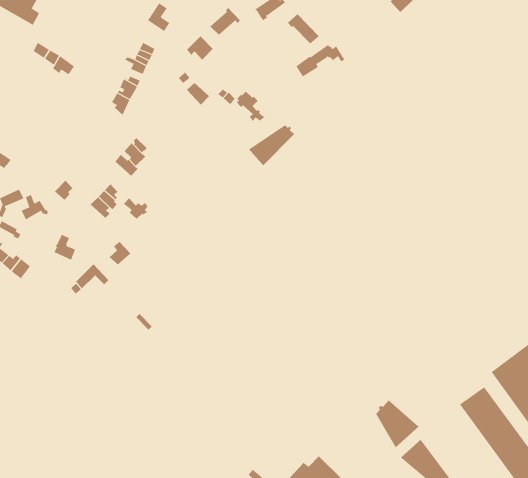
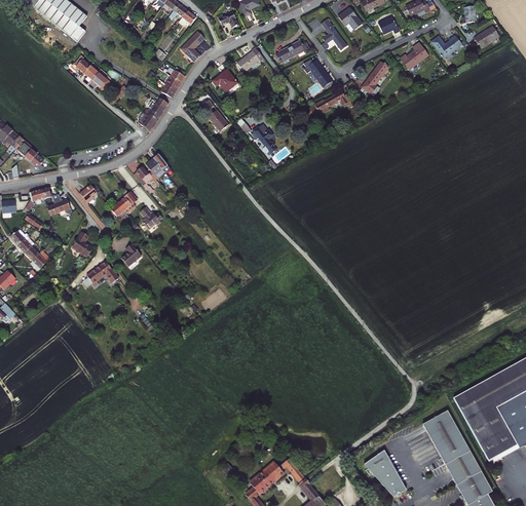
building: none -> [361,61,388,94]
building: [248,125,295,166] -> none
building: [375,400,420,448] -> none

